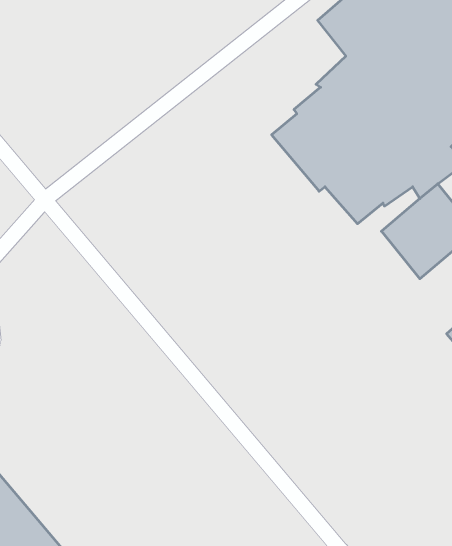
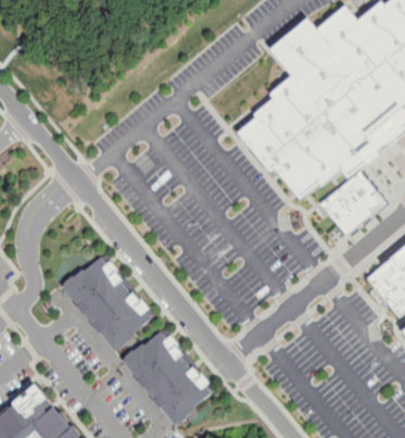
building: none -> [63,255,151,348]
building: none -> [125,331,212,424]

